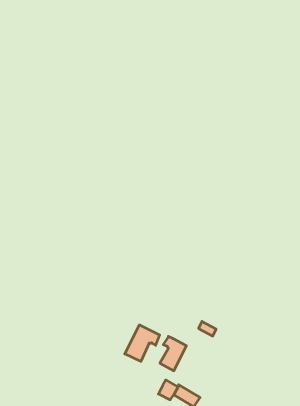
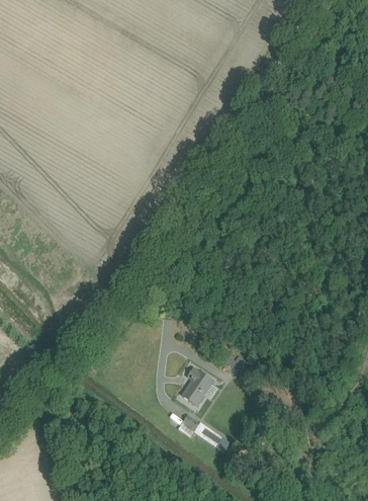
building: [125,325,160,361] -> none

